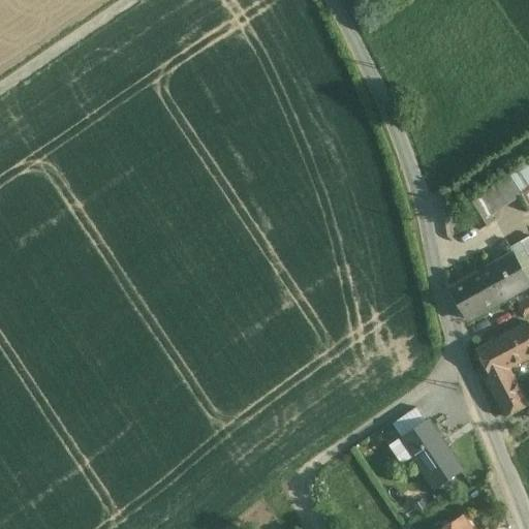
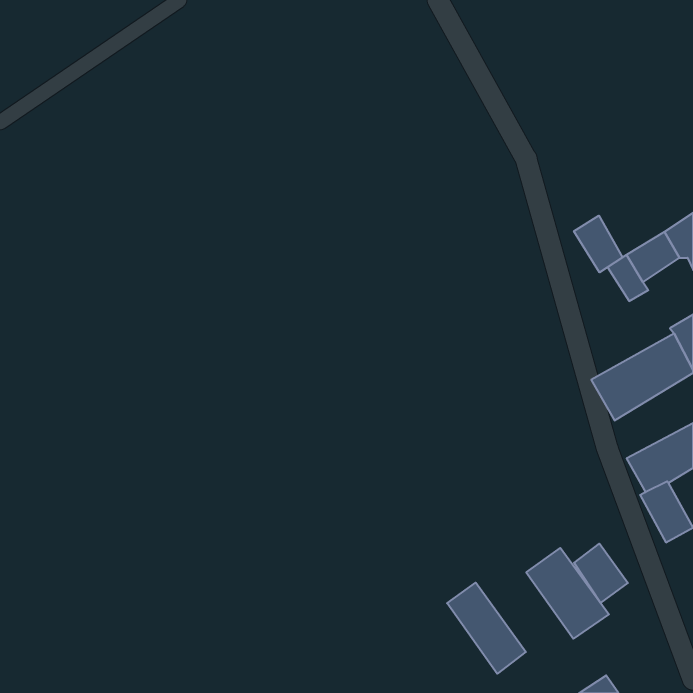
building: none -> [574,216,623,272]
building: none -> [574,544,628,603]
building: none -> [447,583,526,674]

